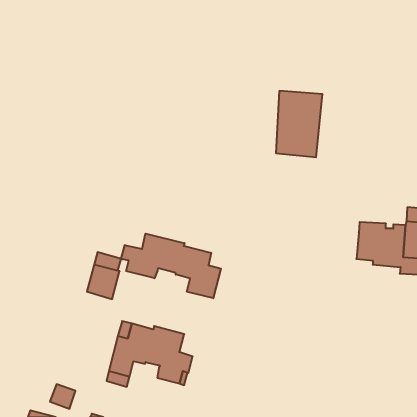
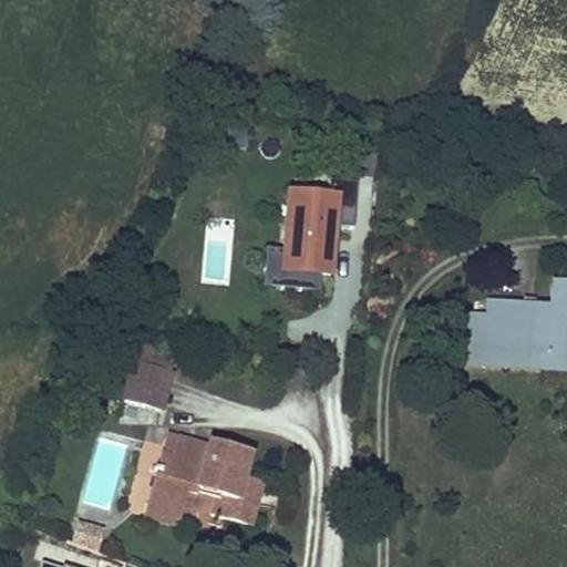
building: [276,91,323,157] -> [284,181,347,270]
building: none -> [464,312,544,370]
building: [121,234,221,298] -> none

